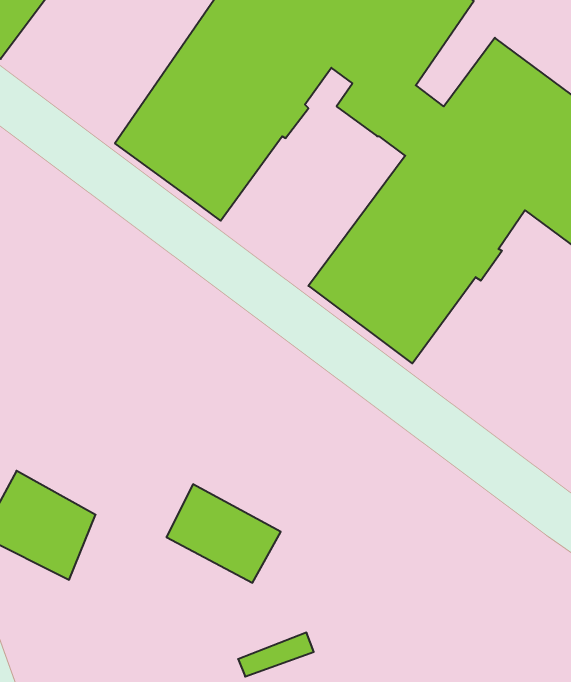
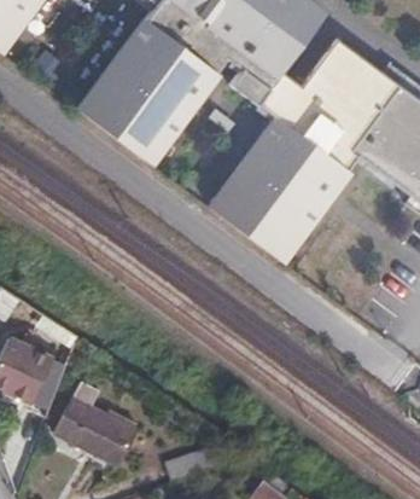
building: [166,484,281,583] -> [57,396,135,464]

